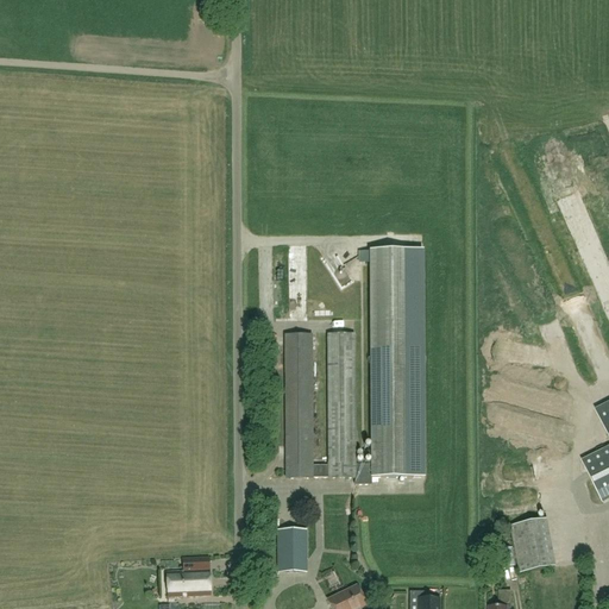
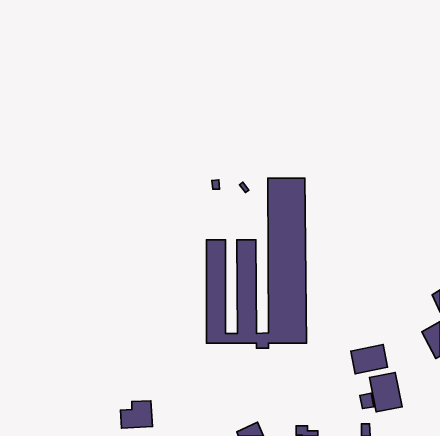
building: none -> [351,345,388,374]
building: [277,526,307,570] -> none

